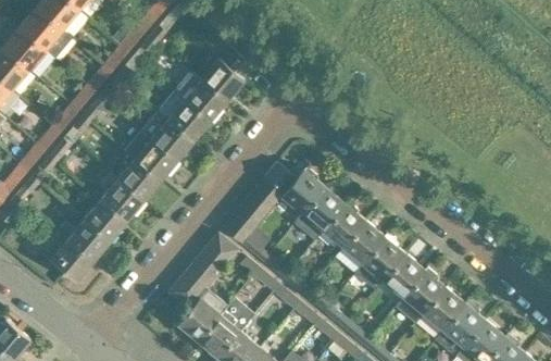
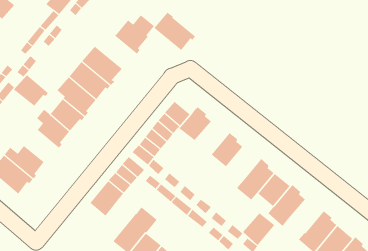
building: [175,71,229,121] -> [154,12,196,51]
building: [298,188,346,237] -> none
building: [84,199,129,240] -> [13,74,49,107]
building: [343,221,386,264] -> none
building: [177,288,227,341] -> none
building: [424,288,466,331] -> [242,212,275,246]

